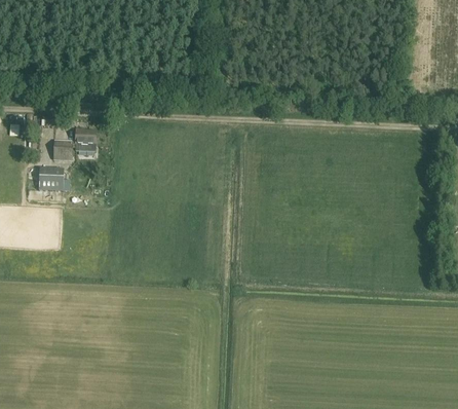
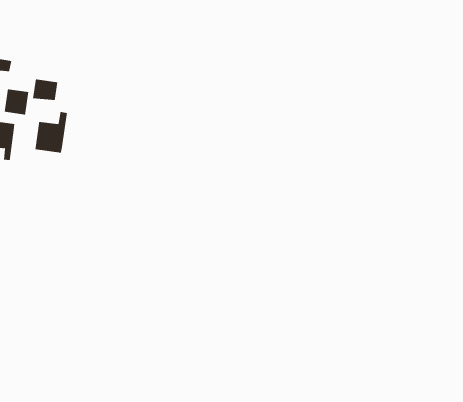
building: none -> [35,111,67,154]

